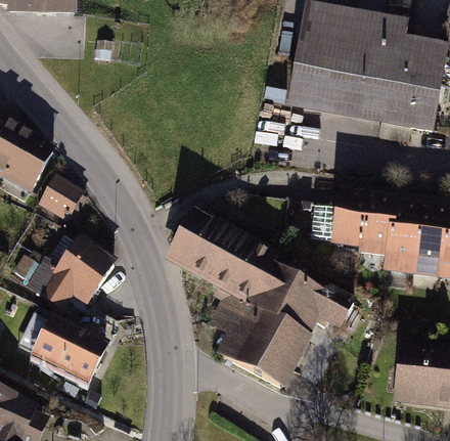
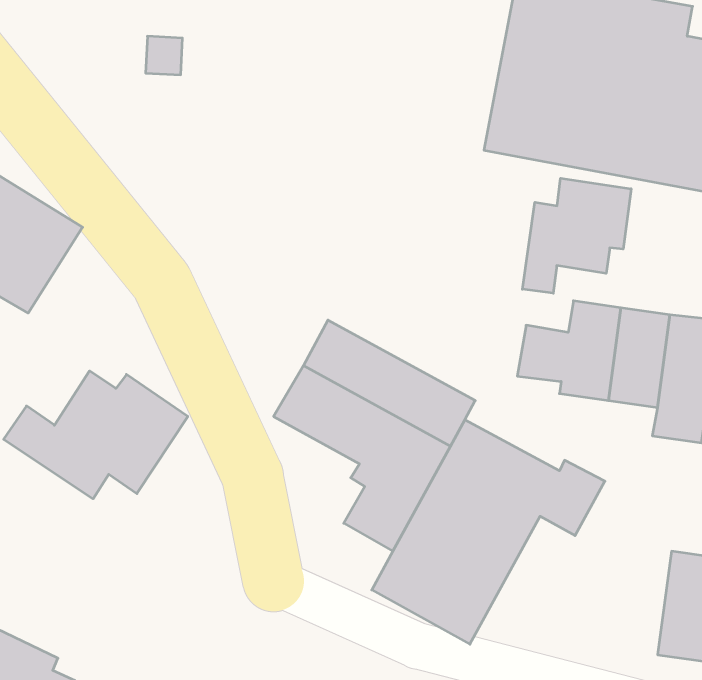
building: none -> [522,178,631,293]
building: [36,175,87,225] -> none
building: [31,311,109,383] -> none

